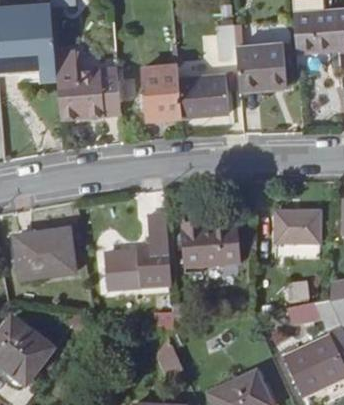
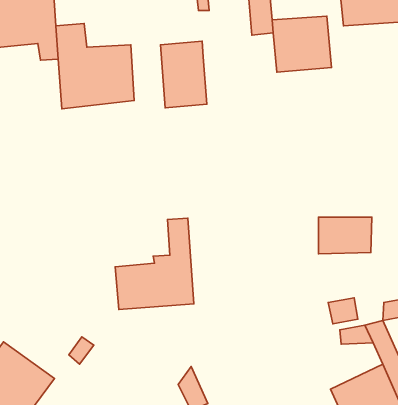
building: [179,72,230,116] -> none
building: [181,222,241,266] -> none
building: [14,228,75,279] -> none

